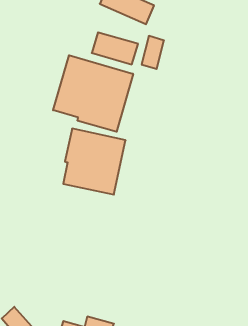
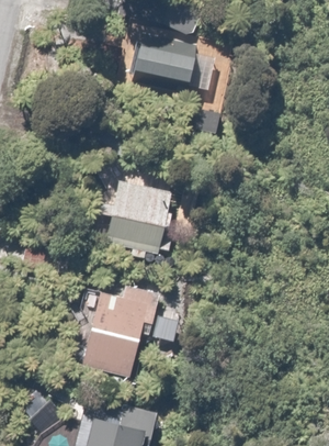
building: [53,55,133,132] -> none
building: none -> [86,283,158,380]

